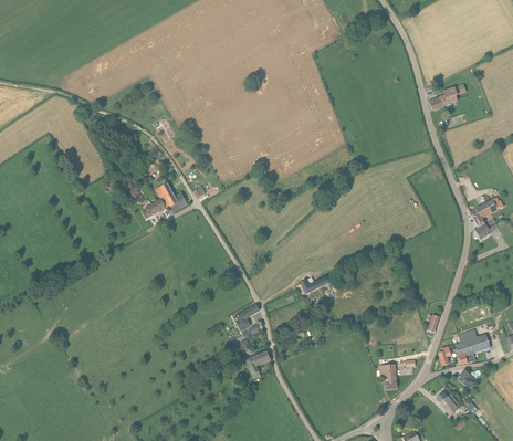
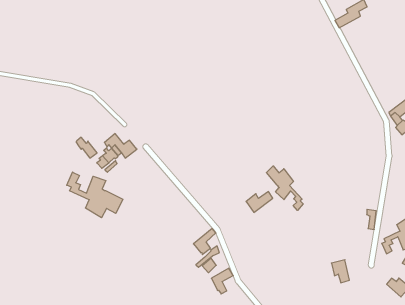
building: none -> [67,172,123,218]
building: none -> [266,166,303,210]

